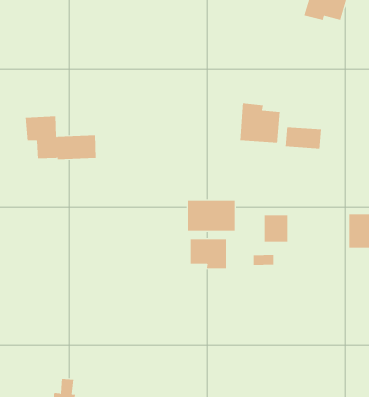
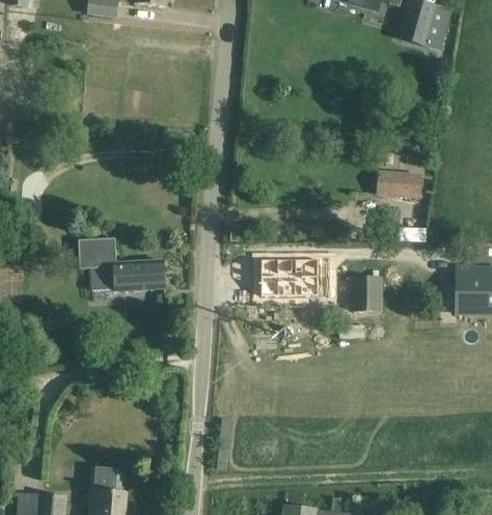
building: [240,103,280,143] -> none
building: [25,116,97,160] -> [77,236,163,289]
building: [190,238,227,269] -> none

